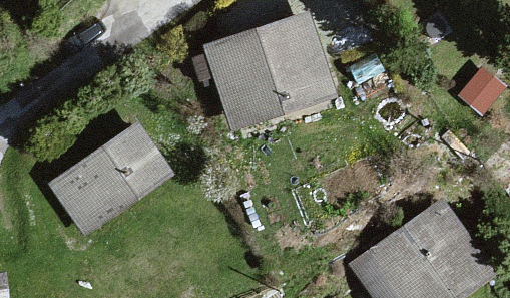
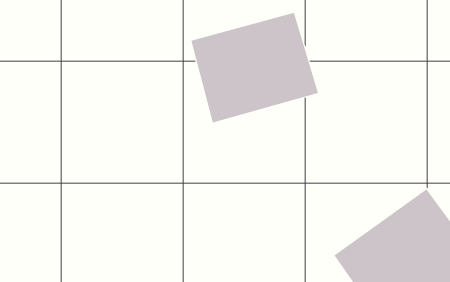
building: [39,130,170,246] -> none

